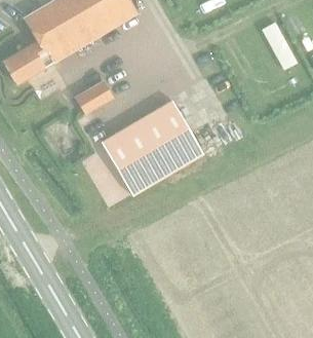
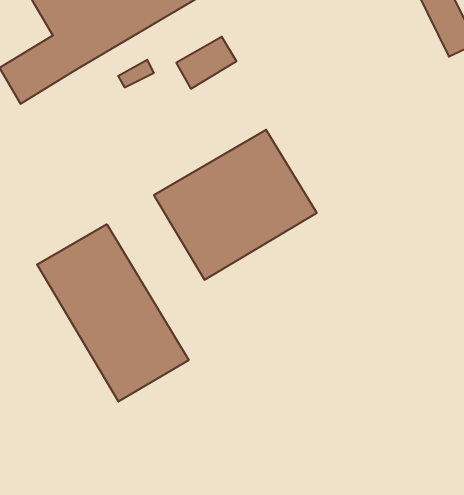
building: [76,81,114,114] -> [176,37,237,89]
building: none -> [37,224,189,402]

